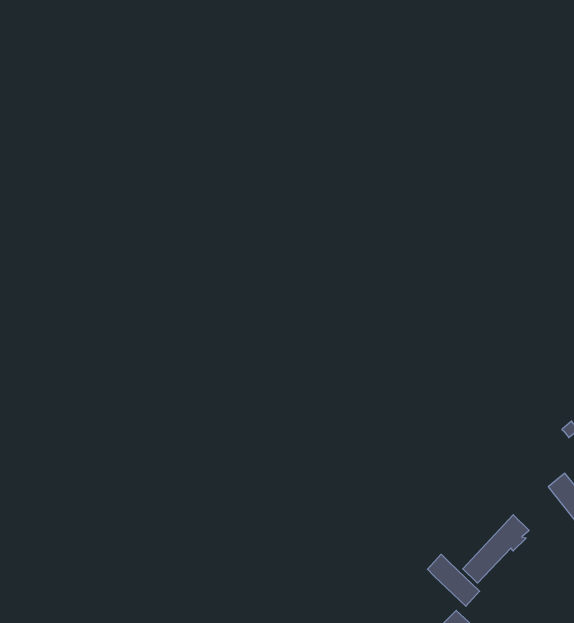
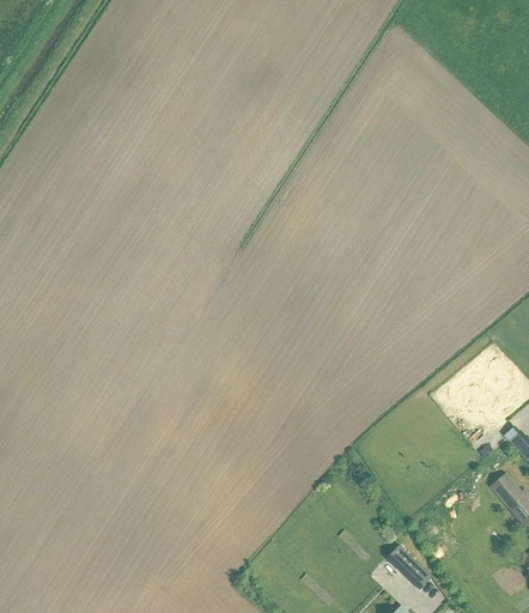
building: [463,515,529,583] -> none

